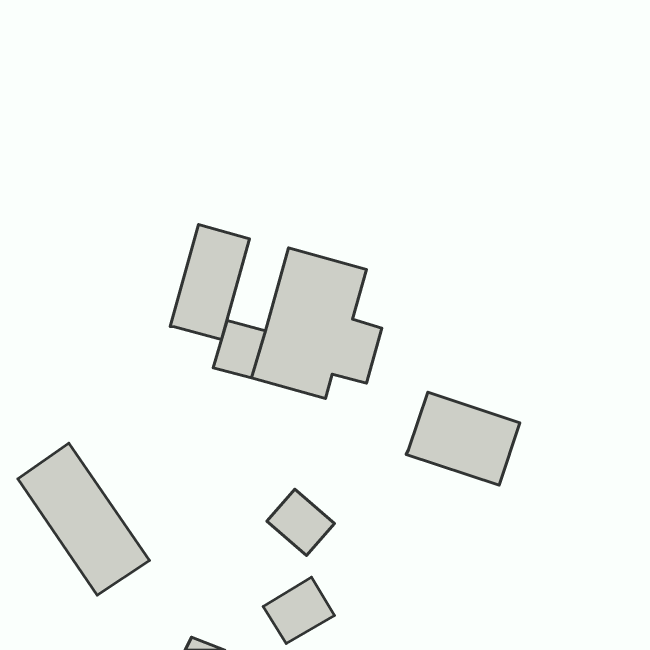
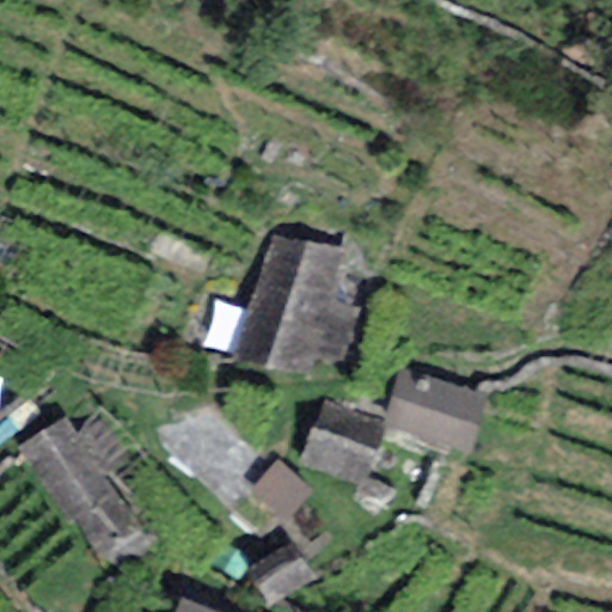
building: [170,225,249,340] -> none
building: none -> [299,397,385,486]

